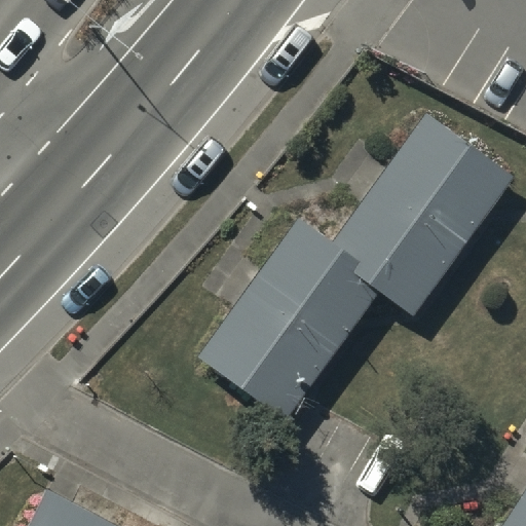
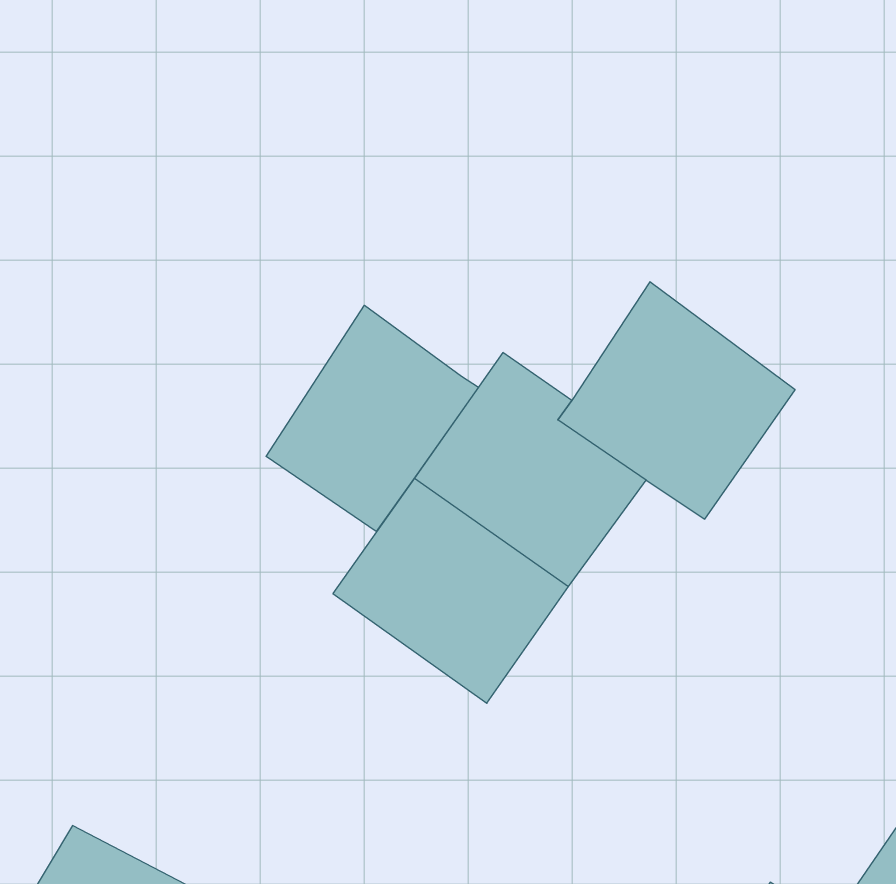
building: [382,117,511,238] -> none
building: none -> [266,305,478,532]

